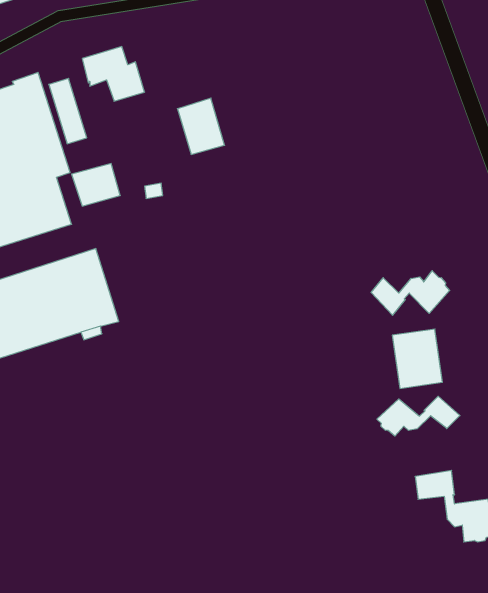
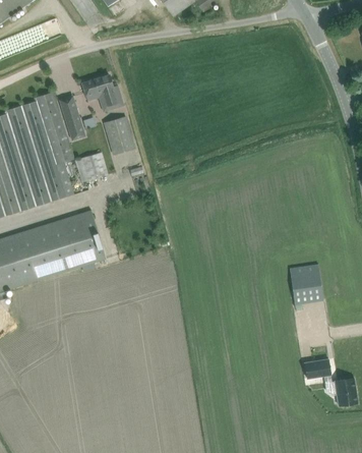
building: [177,98,225,154] -> [103,116,134,154]
building: [371,271,450,315] -> none
building: [377,396,460,436] -> none

